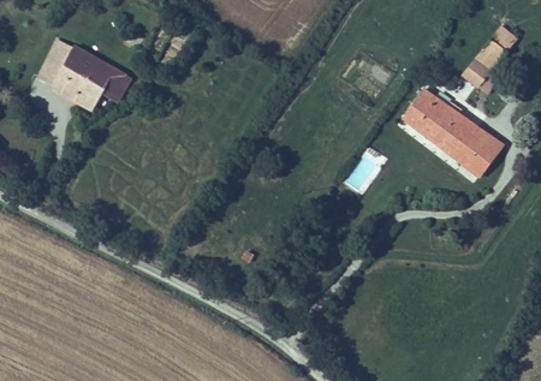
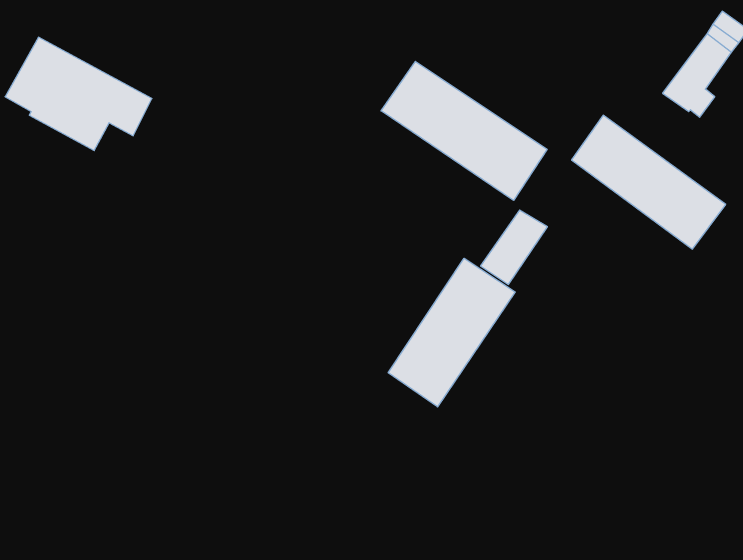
building: none -> [381,61,547,200]
building: none -> [388,258,515,407]

